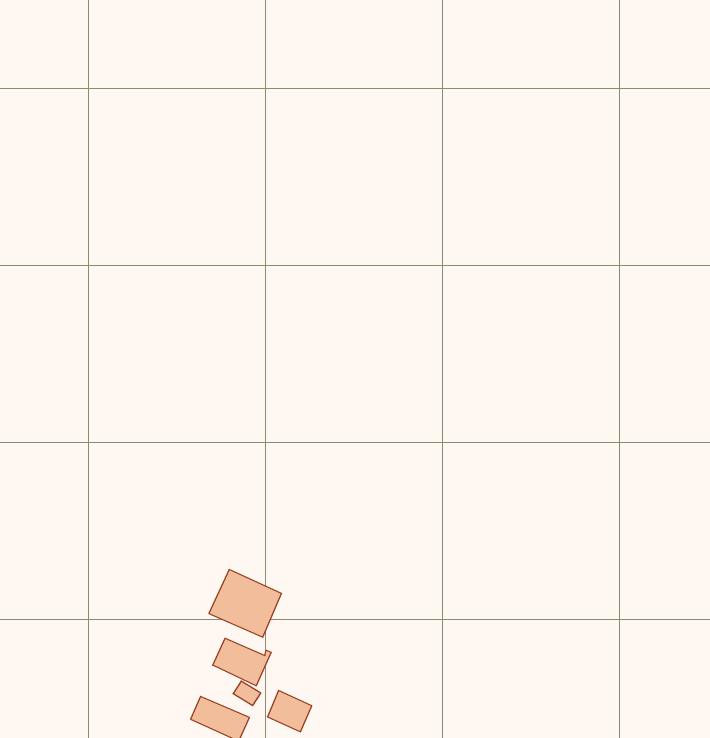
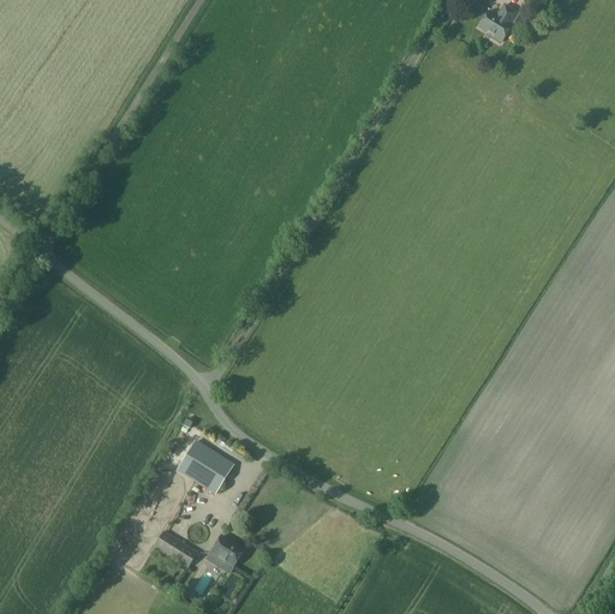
building: [213,638,271,686] -> none

